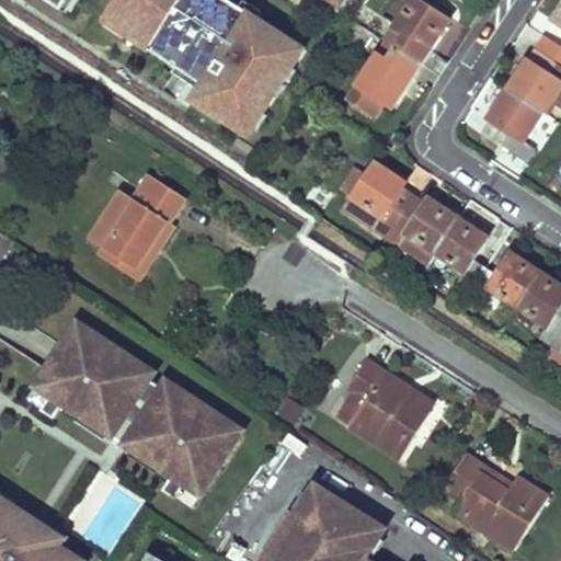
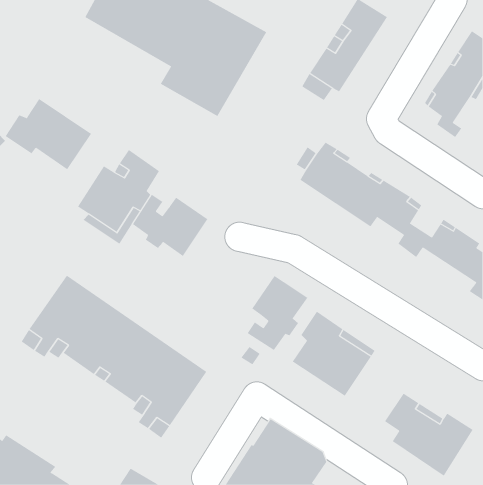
building: none -> [5,98,92,170]
building: none -> [132,194,208,257]
building: none -> [247,275,308,351]

